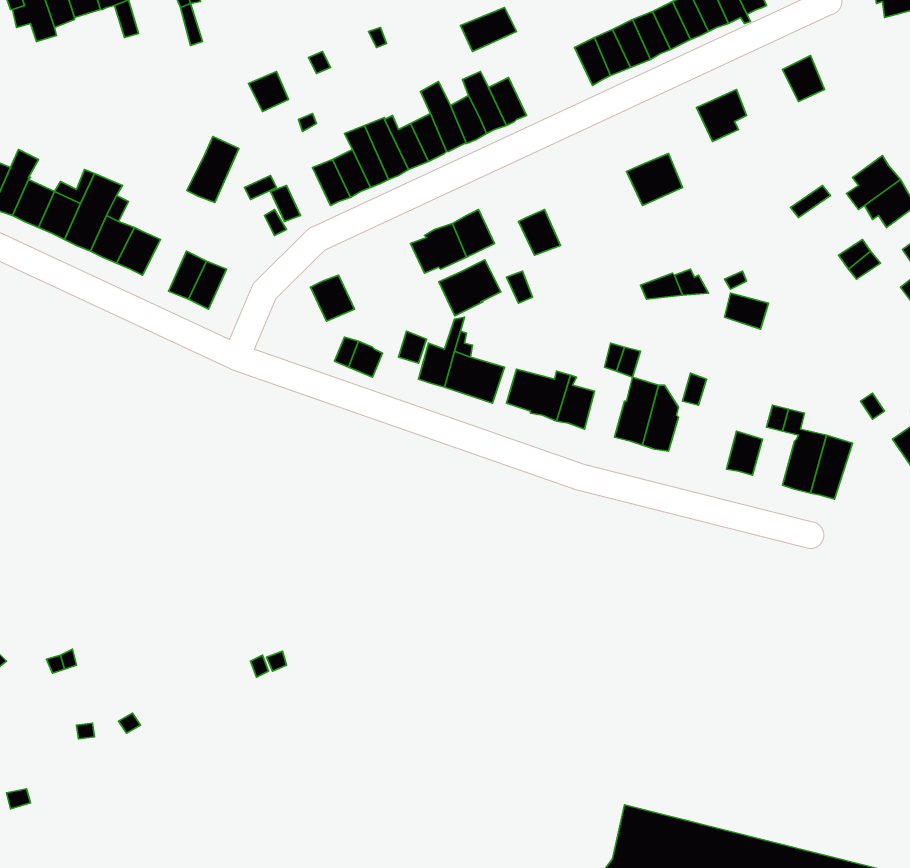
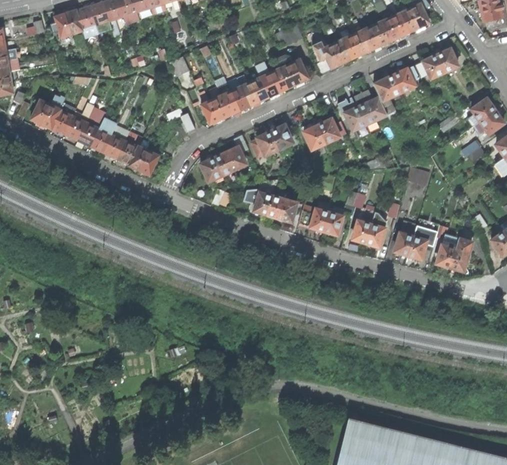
building: none -> [312,41,341,68]
building: none -> [414,55,444,78]
building: none -> [373,74,401,119]
building: [187,137,239,203] -> [116,131,142,164]
building: none -> [345,106,370,138]
building: none -> [317,119,346,143]
building: [439,260,501,316] -> [214,147,245,175]
building: none -> [394,220,417,255]

